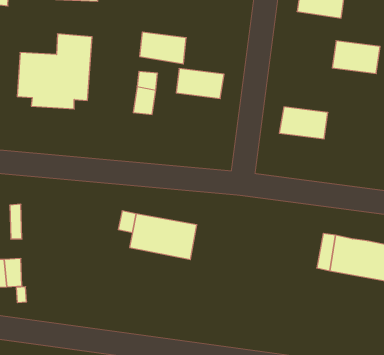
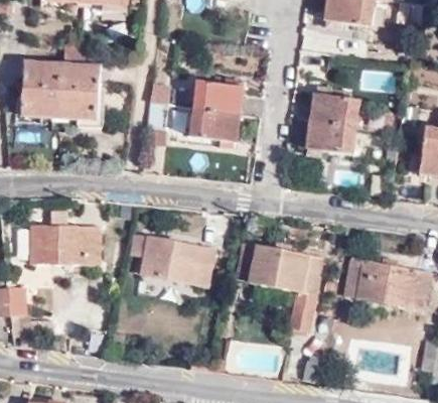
building: [140,32,186,64] -> [189,107,240,141]
building: [332,41,380,74] -> [308,93,359,128]
building: none -> [30,226,99,266]
building: none -> [232,240,320,329]

